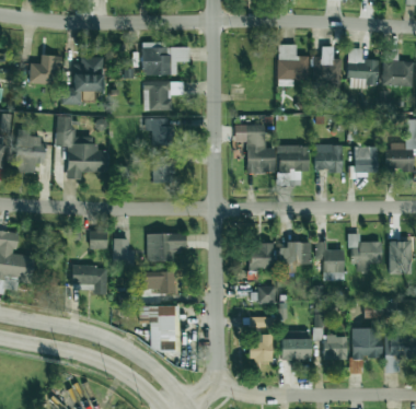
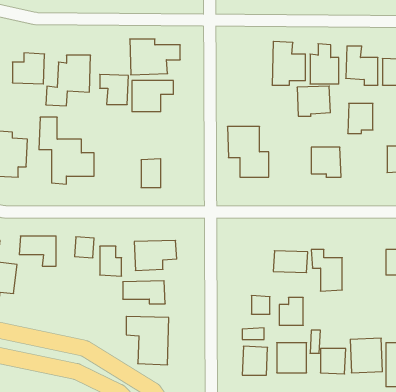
building: [145,117,172,145] -> [100,74,128,104]
building: [277,144,309,173] -> [297,86,330,116]
building: [354,147,378,175] -> [348,103,373,133]
building: [347,233,382,271] -> none
building: [250,243,273,269] -> [279,298,303,325]
building: [71,266,106,294] -> [19,236,56,266]

